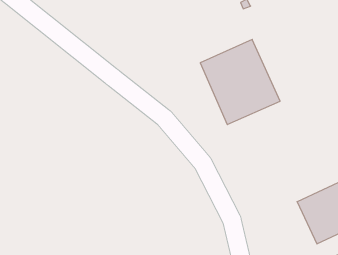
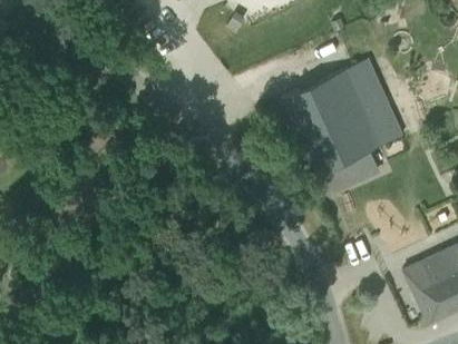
building: none -> [349,58,402,144]

